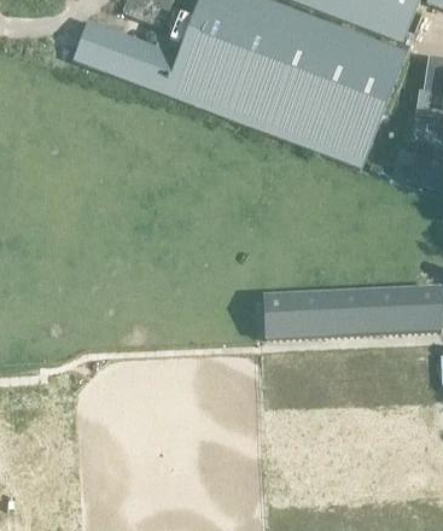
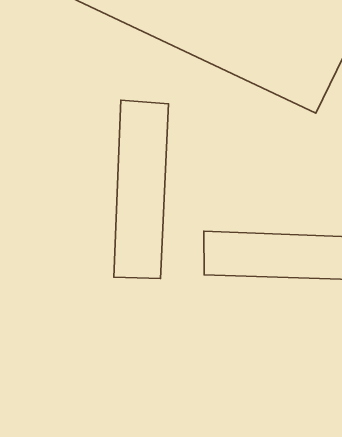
building: none -> [114,100,168,278]

